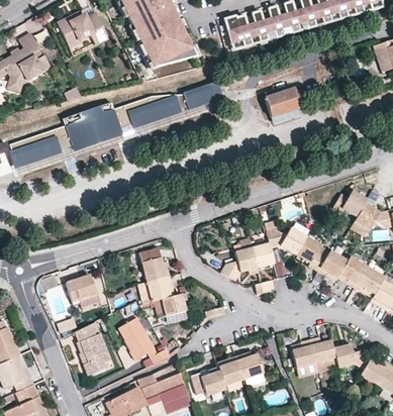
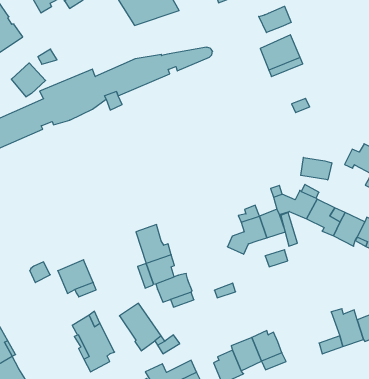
building: none -> [259,6,291,33]
building: none -> [11,63,46,97]
building: none -> [301,157,332,180]
building: [292,339,316,367] -> none

